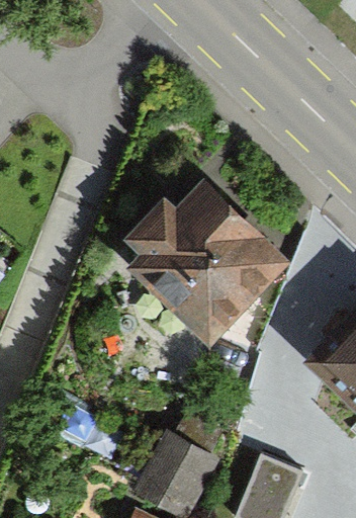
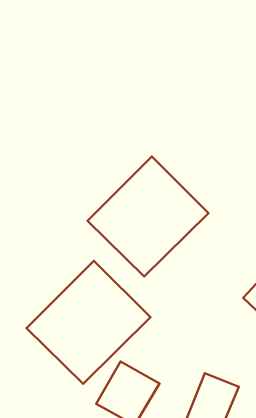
building: none -> [27,261,150,384]

